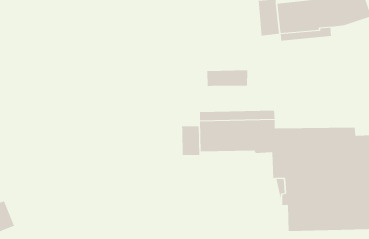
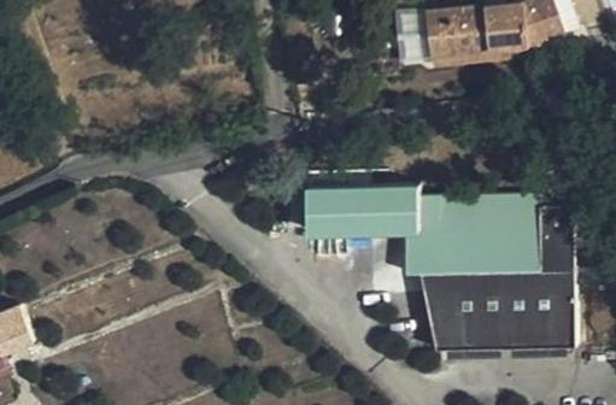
building: [207,70,248,87] -> none
building: [181,126,200,156] -> none

